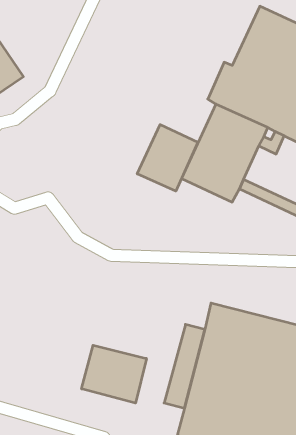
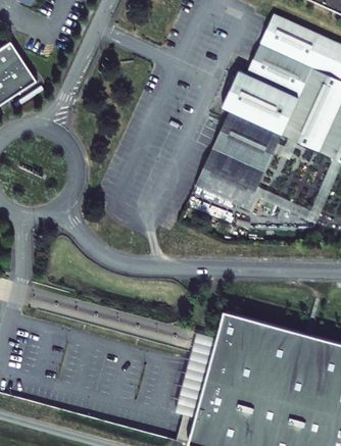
building: [137,125,198,191] -> none
building: [82,345,146,403] -> none

